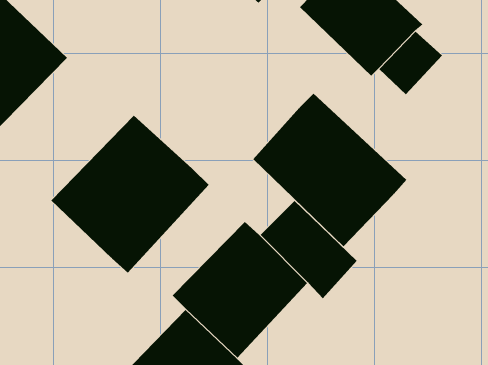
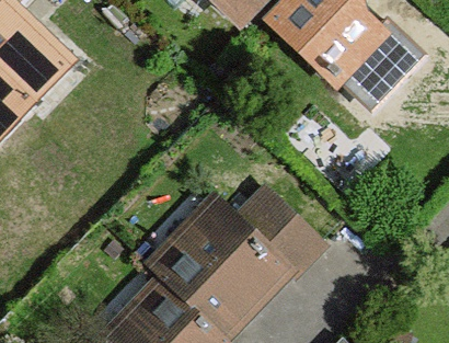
building: [253,93,407,247] -> none
building: [50,115,210,274] -> none

